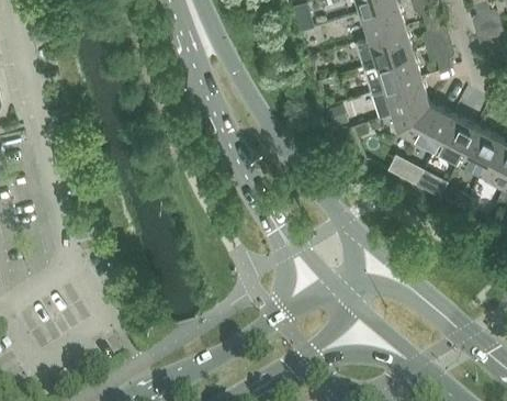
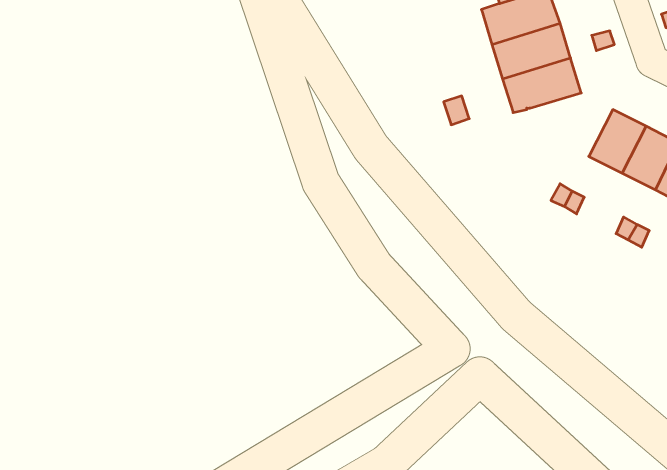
building: [388,104,451,151] -> none

